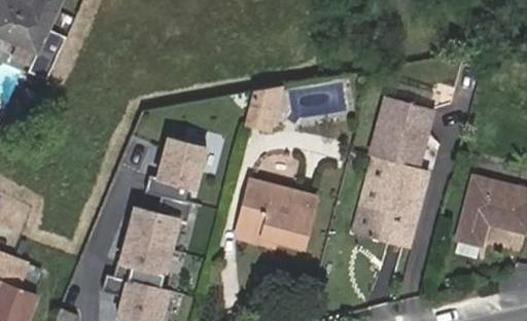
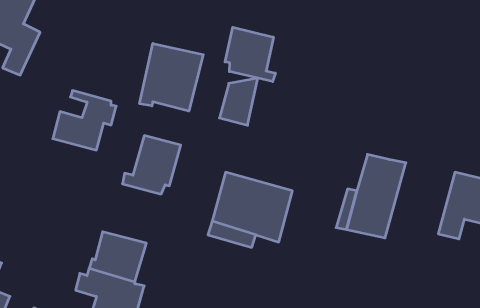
building: none -> [225,27,275,82]
building: none -> [140,43,203,111]
building: [368,98,423,167] -> none
building: [128,190,190,249] -> [53,91,116,150]

